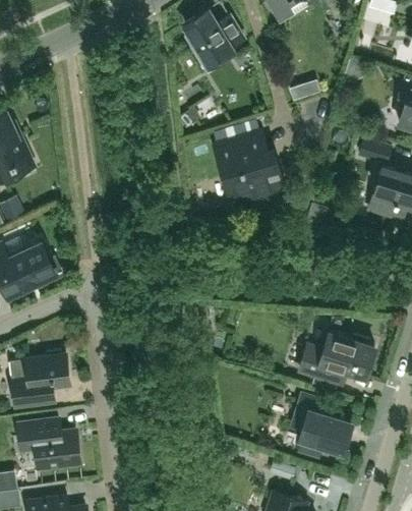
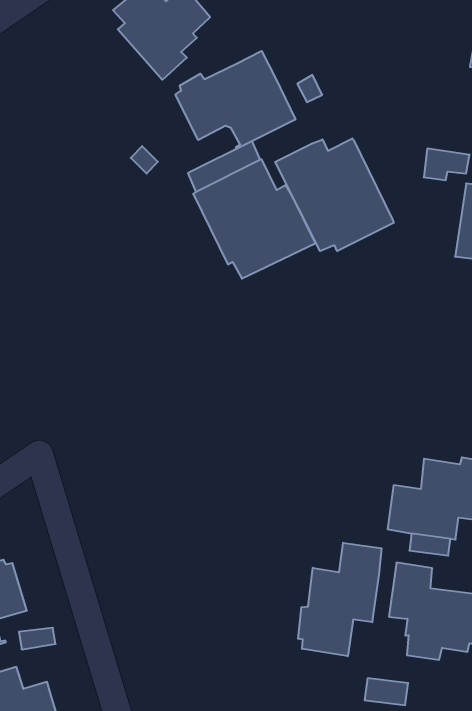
building: none -> [176,51,295,149]
building: none -> [275,138,394,251]
building: none -> [298,543,382,656]

